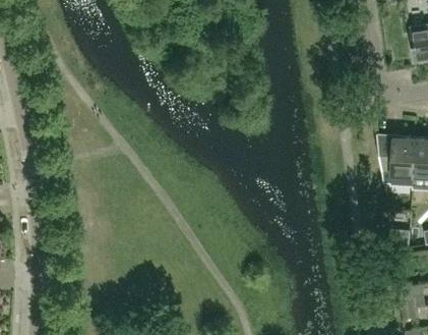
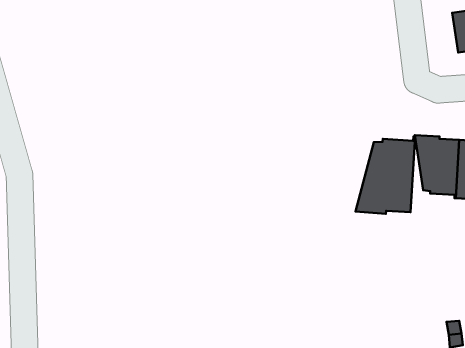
building: none -> [356,136,415,214]

